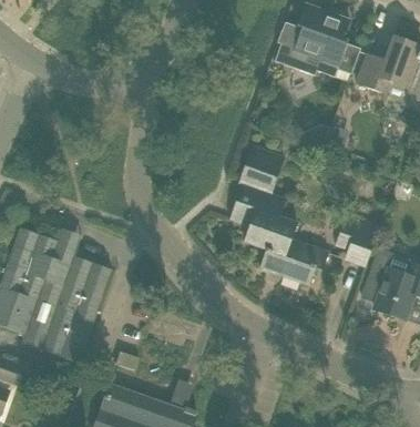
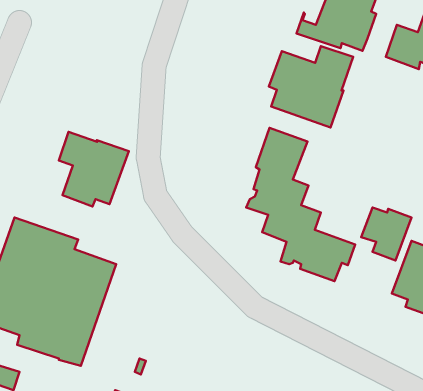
building: none -> [269,46,353,128]
building: none -> [59,132,129,207]

